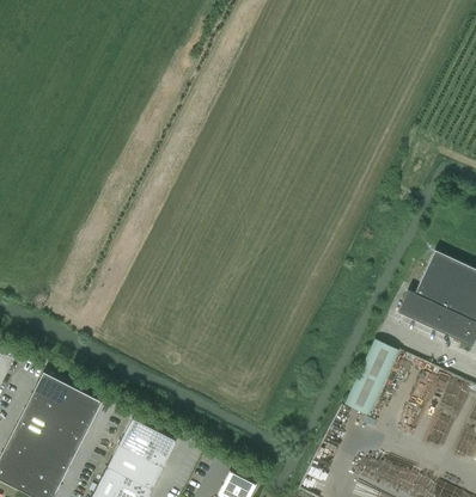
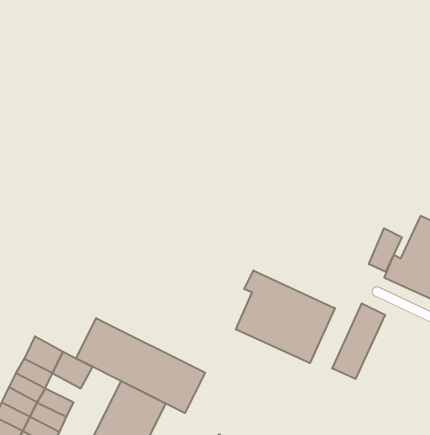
building: none -> [369,228,402,272]
building: none -> [236,270,335,363]
building: none -> [76,318,205,413]
building: [54,409,90,438] -> none

